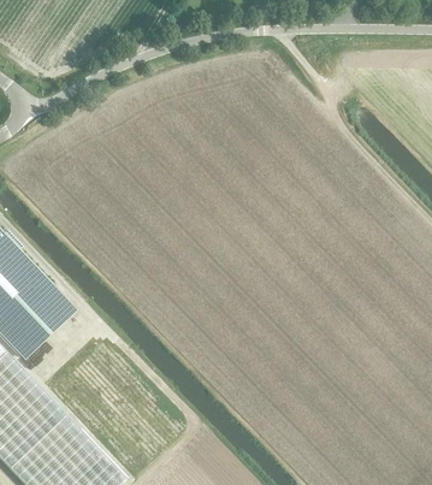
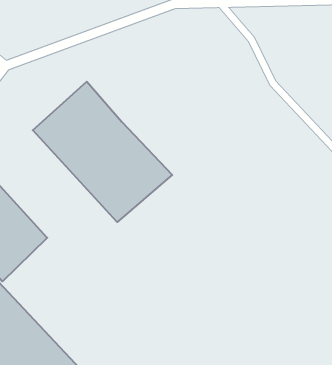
building: none -> [33,82,172,222]

